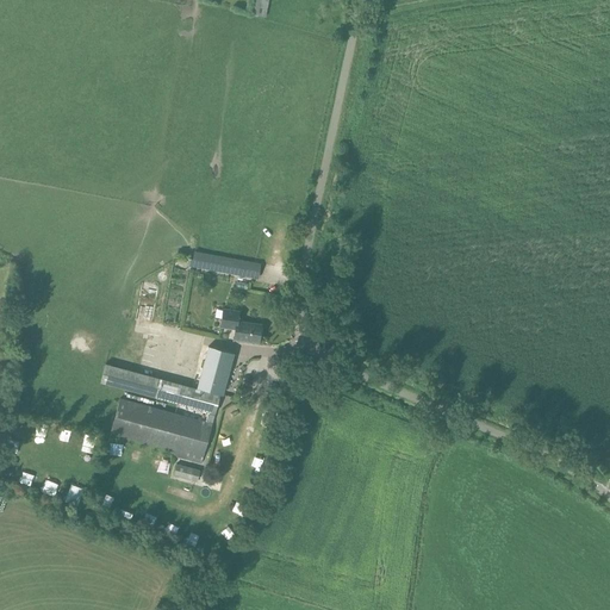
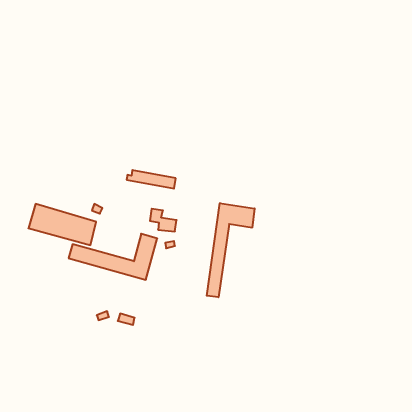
building: none -> [207,203,255,297]
building: [111,399,211,460] -> [28,204,96,245]

